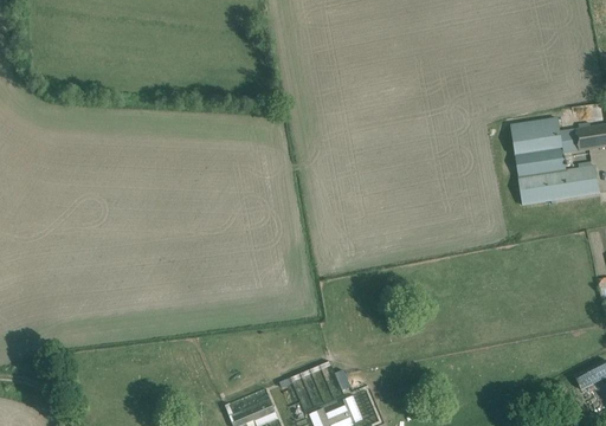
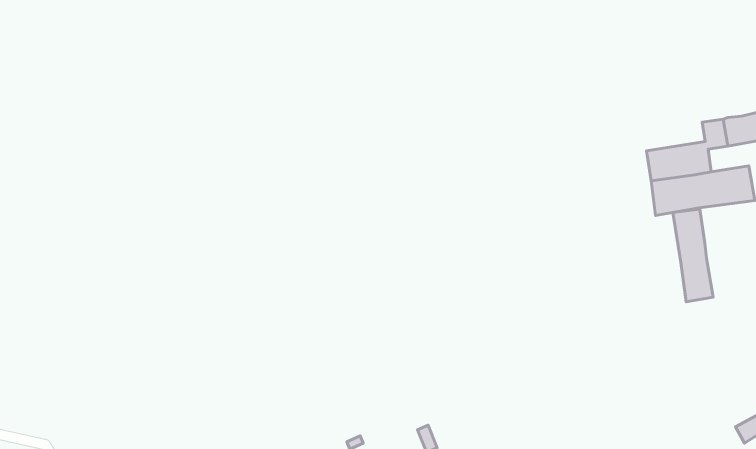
building: [510,117,561,154] -> none
building: none -> [673,209,713,302]

